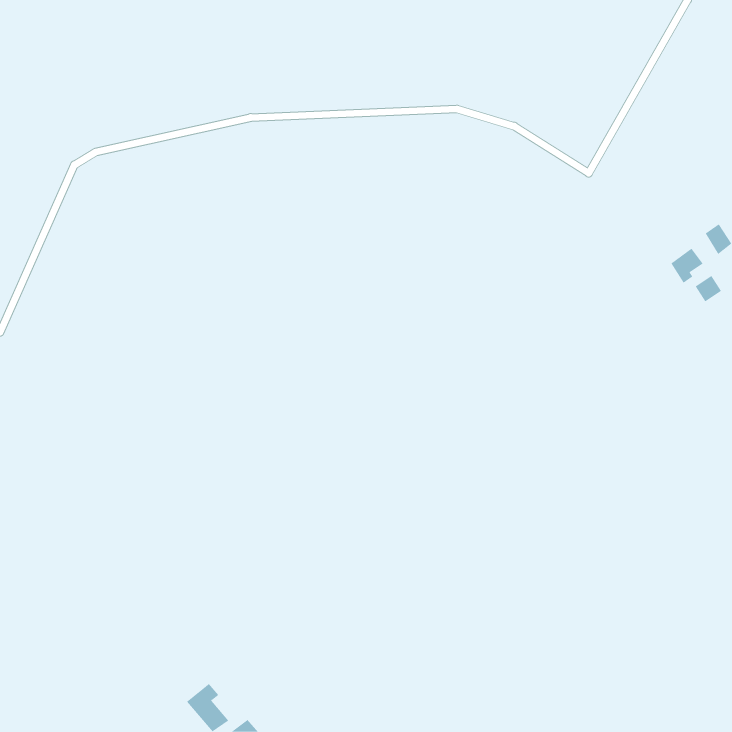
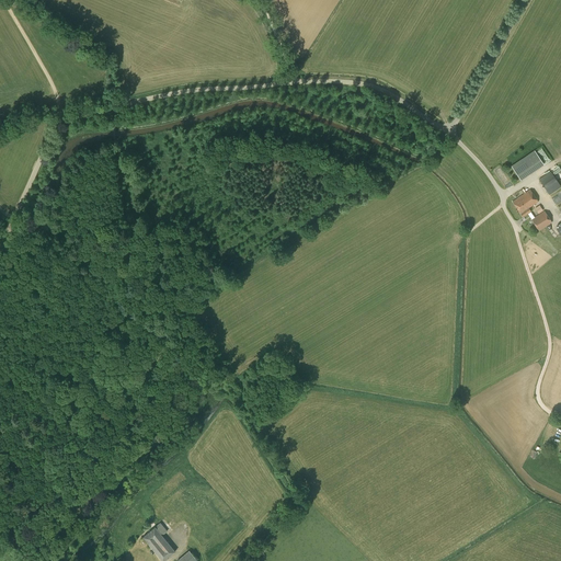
building: none -> [511,150,543,180]

